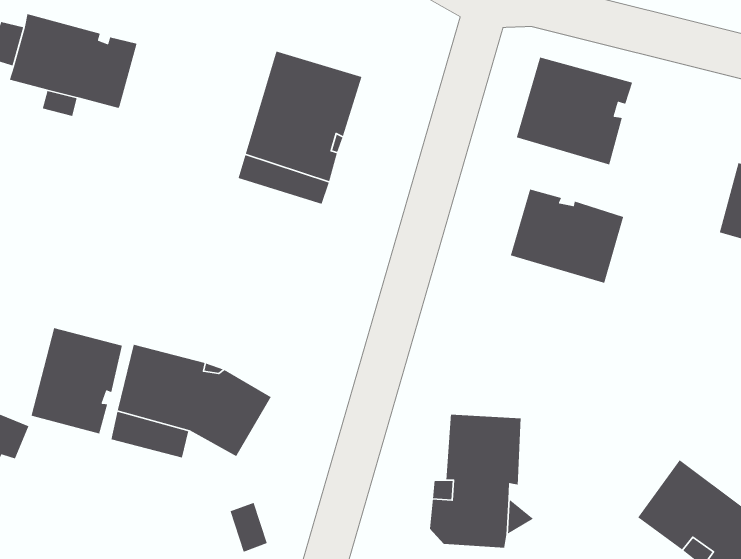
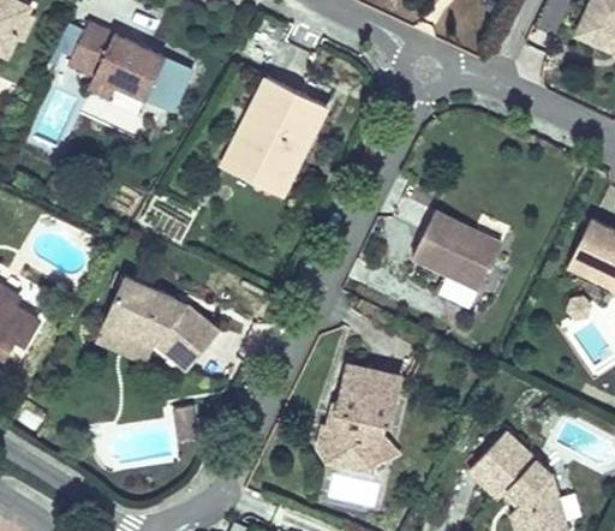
building: none -> [145,56,195,114]
building: [516,57,633,165] -> none
building: [31,327,123,434] -> none

